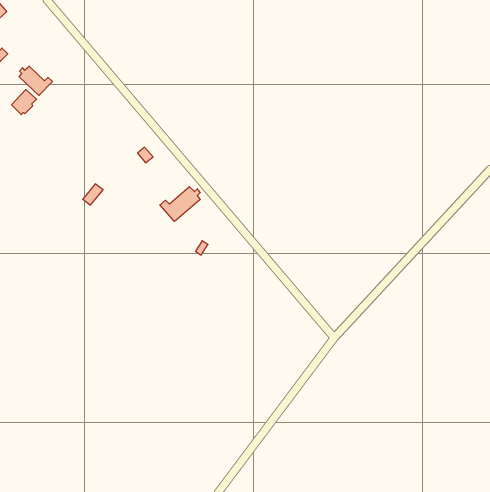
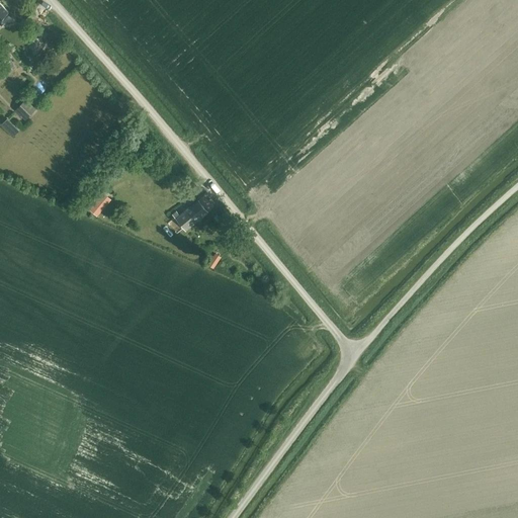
building: [19,66,52,95] -> none

